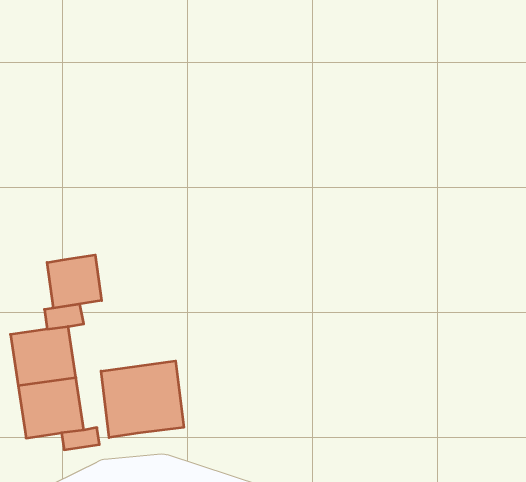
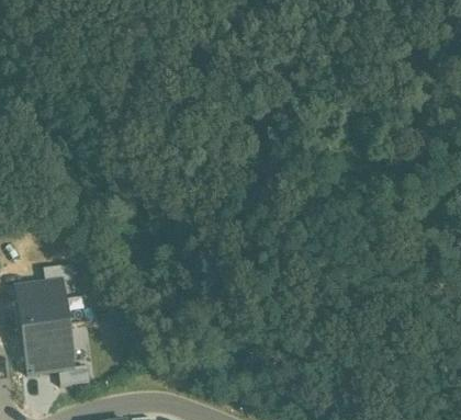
building: [47,255,102,308] -> none
building: [101,361,184,438] -> none

